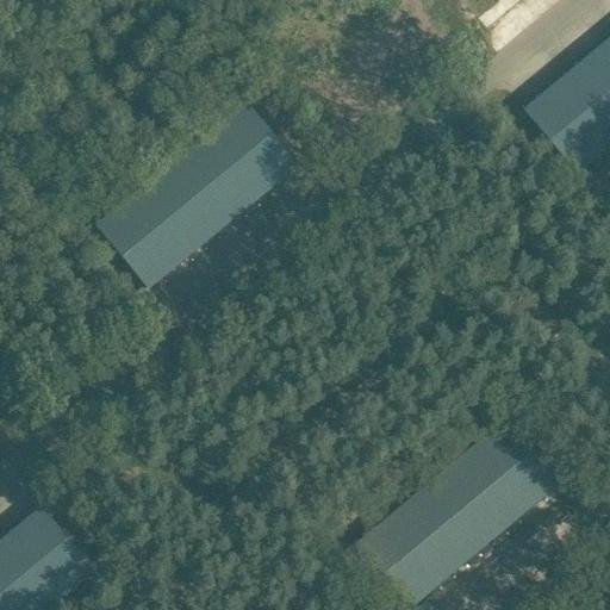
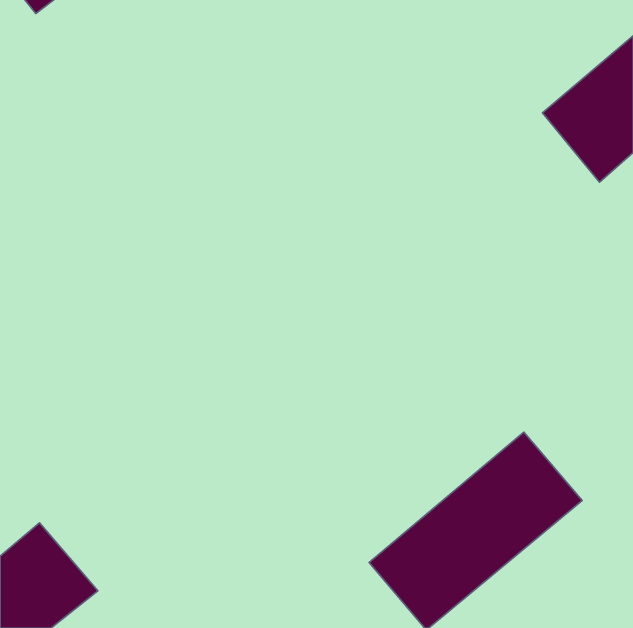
building: [94,100,299,290] -> none

